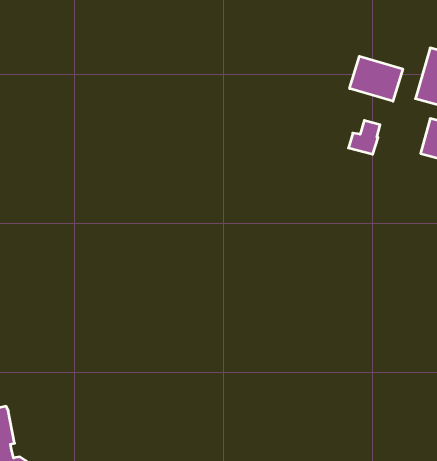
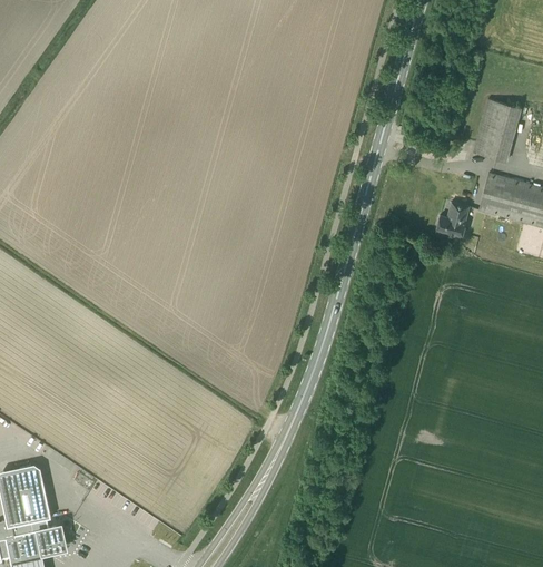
building: [350,56,403,101] -> none
building: [348,120,380,154] -> [436,202,470,237]

